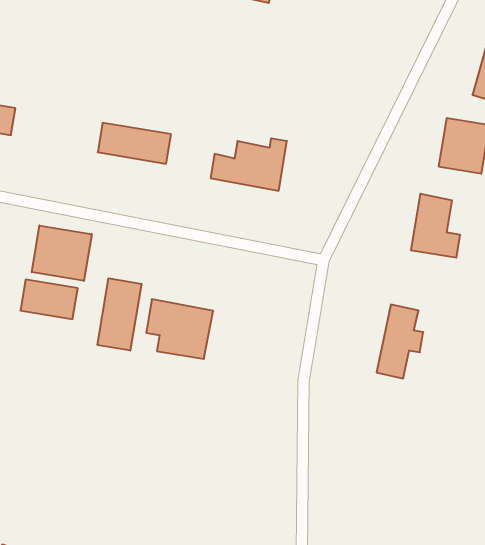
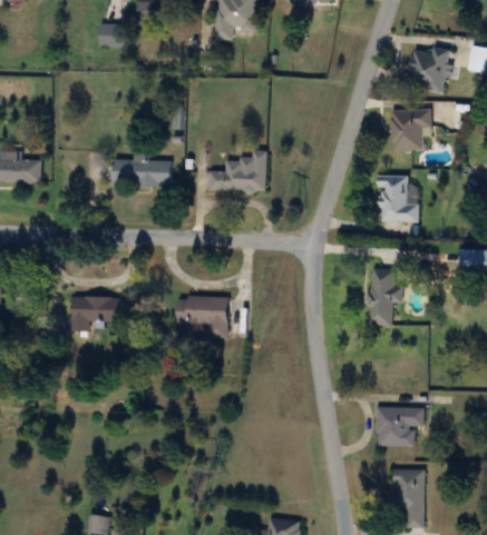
building: [32,225,92,281] -> none
building: [98,278,141,351] -> none
building: none -> [377,406,425,446]

